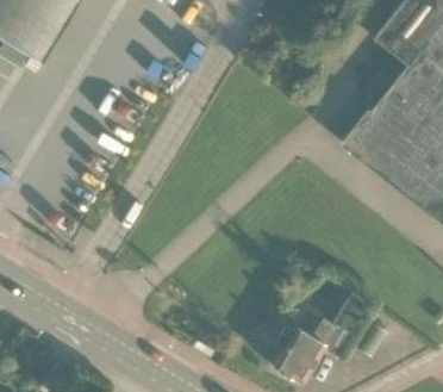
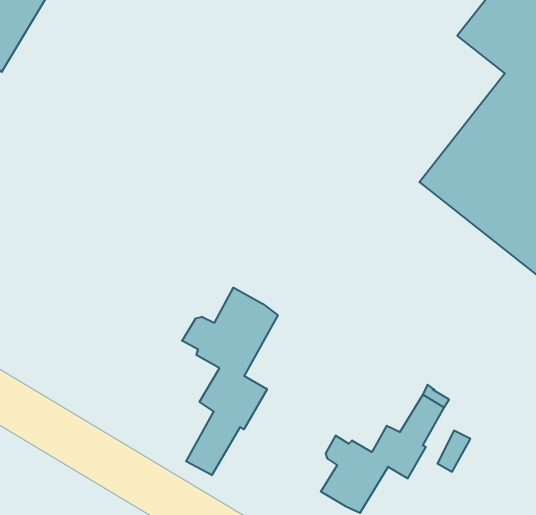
building: none -> [182,288,278,475]

